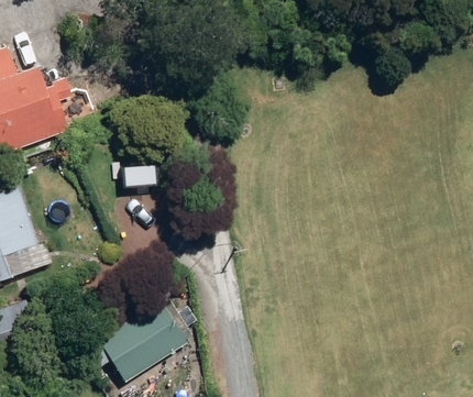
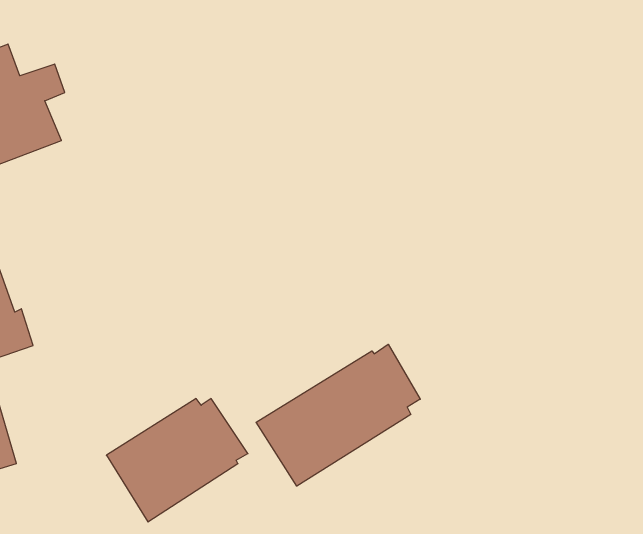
building: none -> [256,344,420,486]

